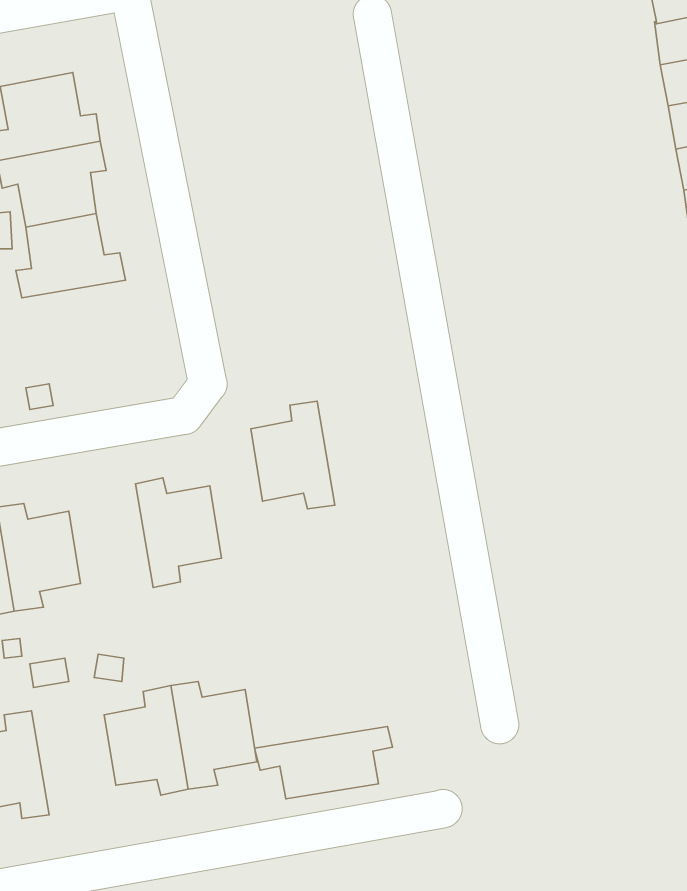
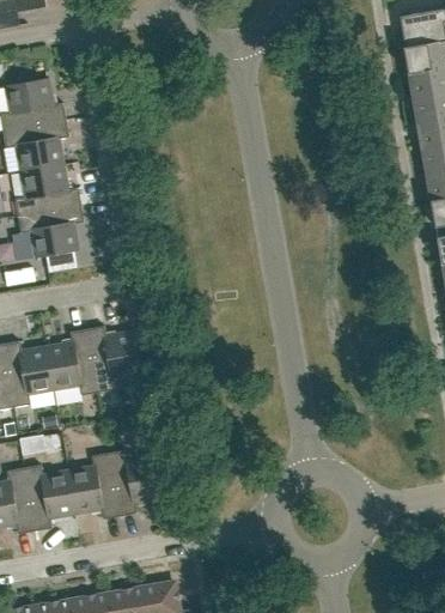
building: none -> [14,204,84,260]
building: [251,401,335,509] -> [47,328,98,394]
building: none -> [24,463,75,530]
building: [255,726,393,799] -> none

